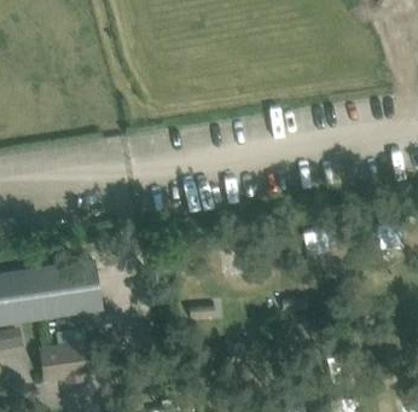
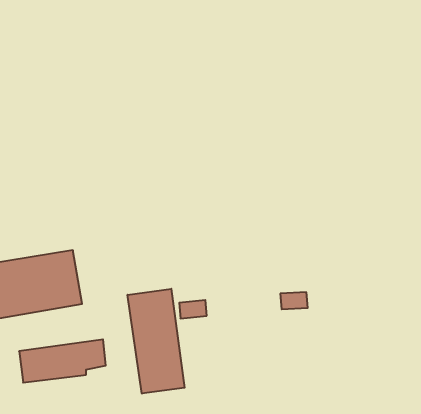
building: none -> [128,289,185,394]

